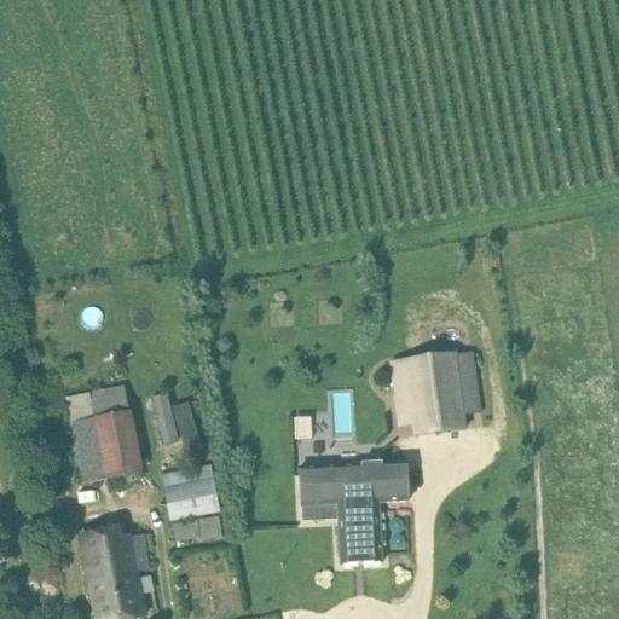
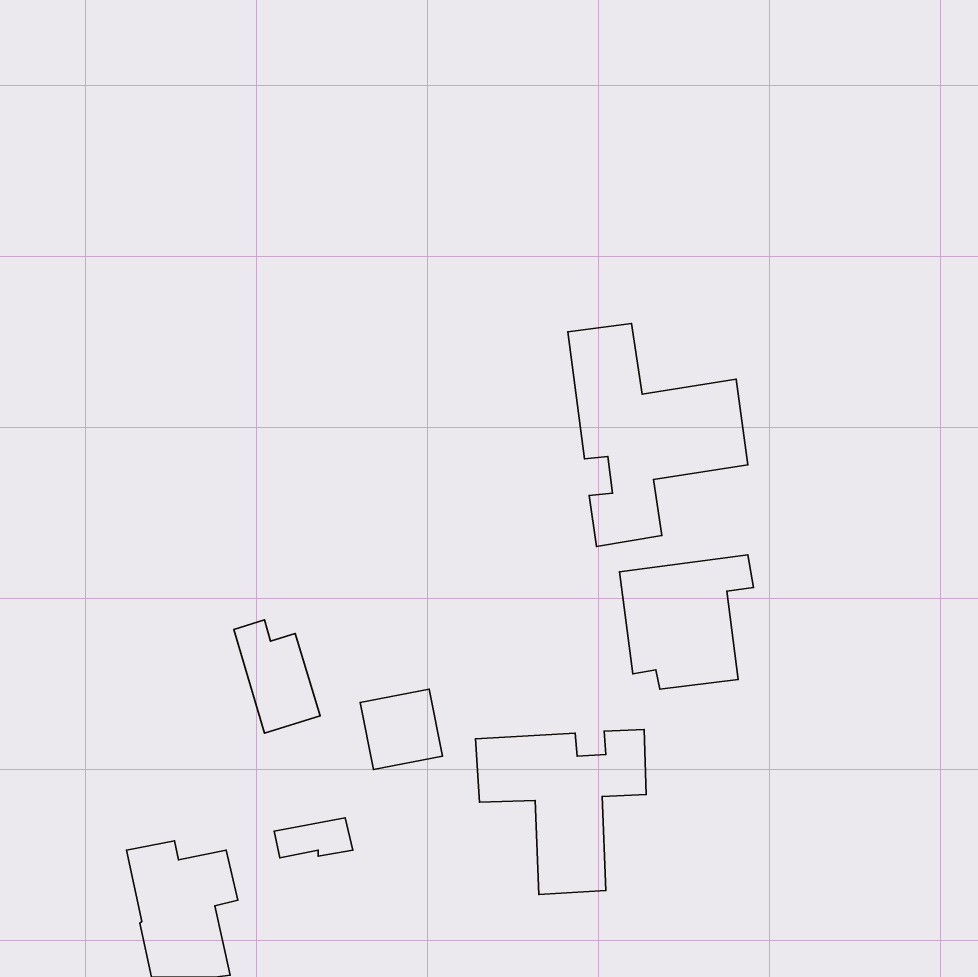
building: none -> [568,323,748,547]
building: [68,384,140,484] -> none
building: [166,467,218,517] -> [360,689,442,770]

